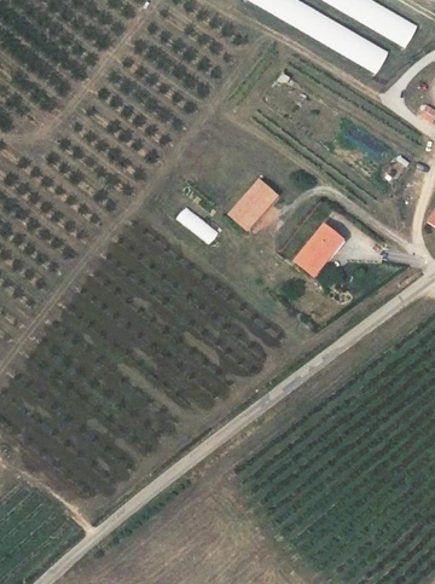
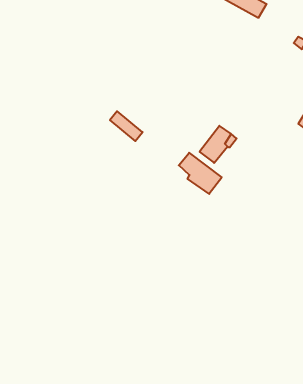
building: [231,177,278,226] -> none
building: none -> [179,153,222,194]

